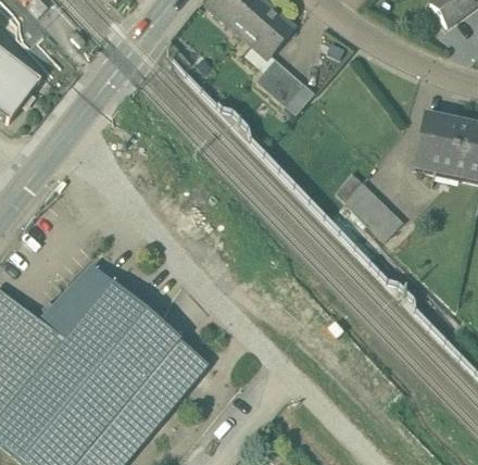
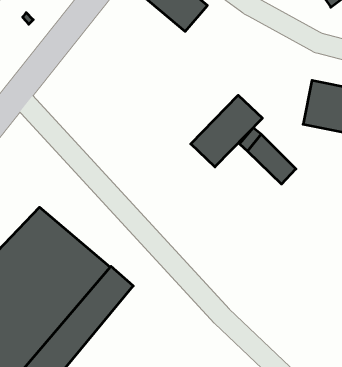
building: [256,59,304,106] -> none
building: none -> [191,95,262,167]

